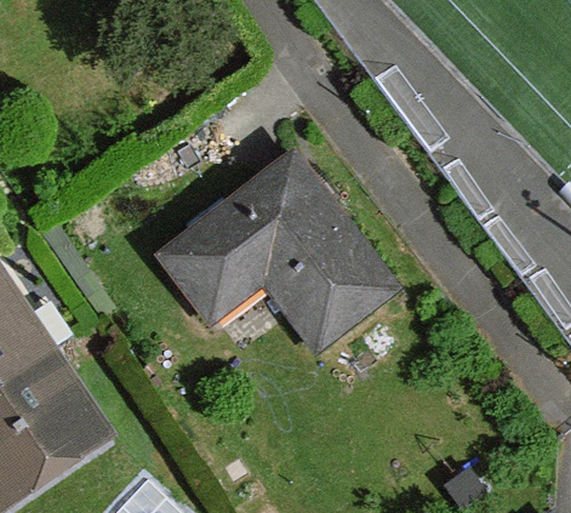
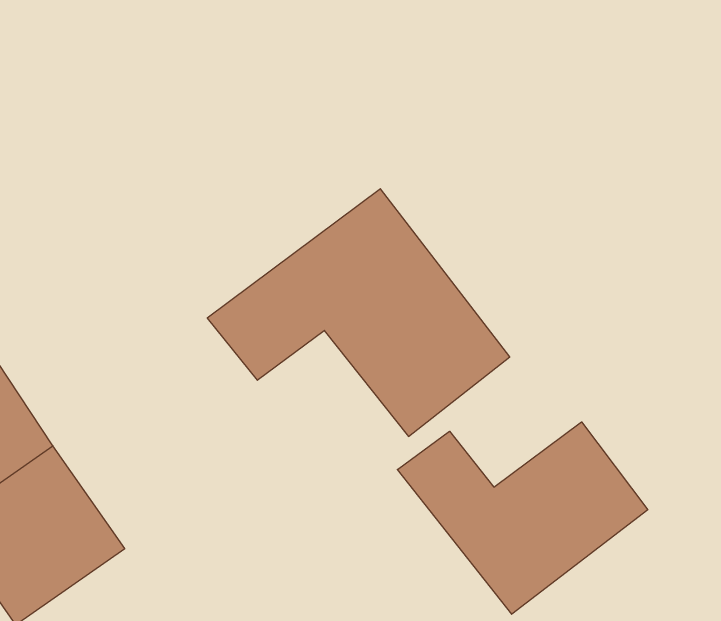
building: none -> [397,422,648,614]

